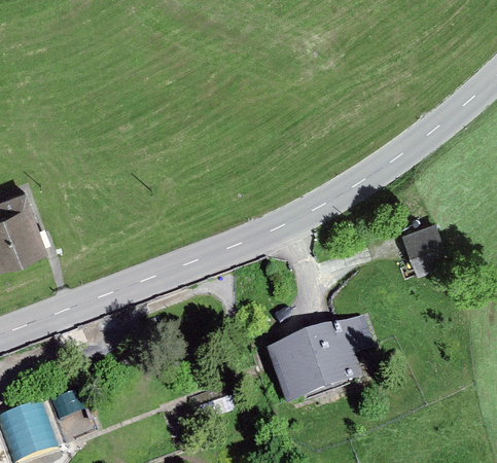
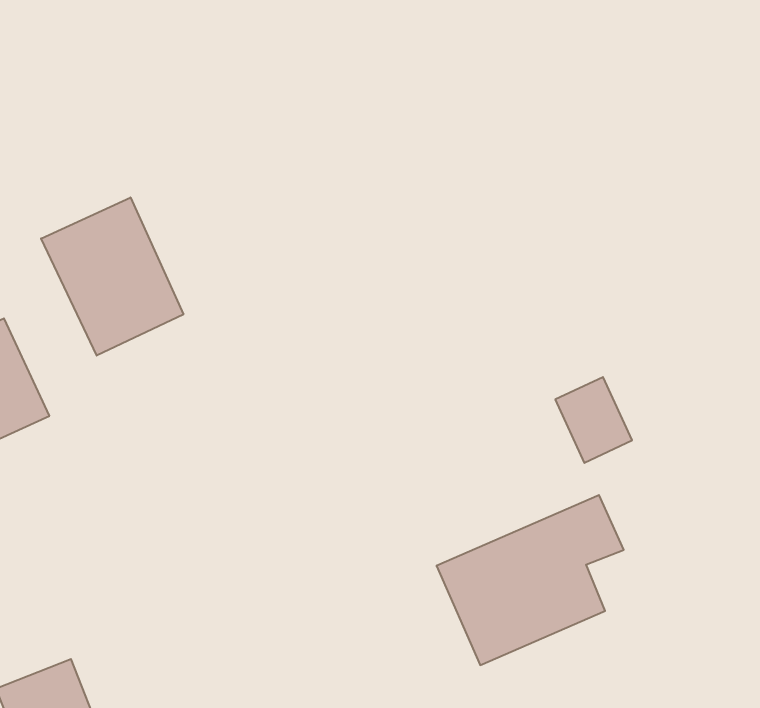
building: none -> [41,197,183,356]
building: [404,224,448,274] -> [555,377,632,463]

